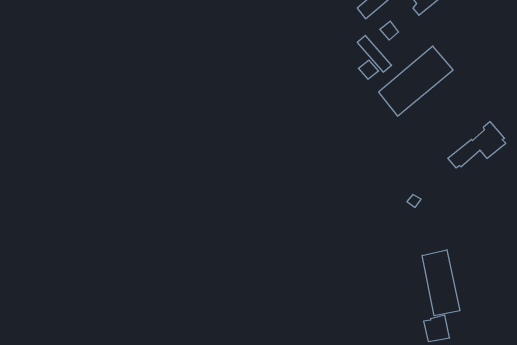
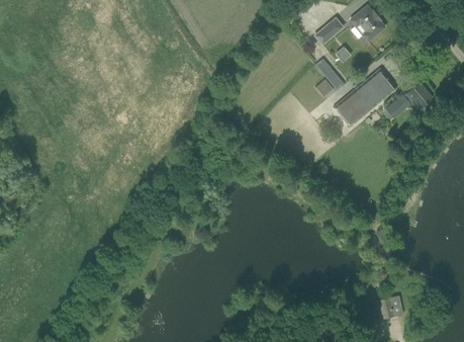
building: [448,122,506,168] -> [383,79,433,118]
building: [422,250,460,316] -> none

